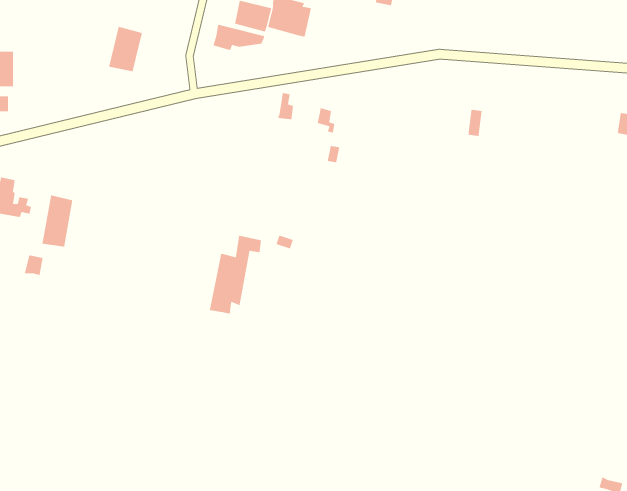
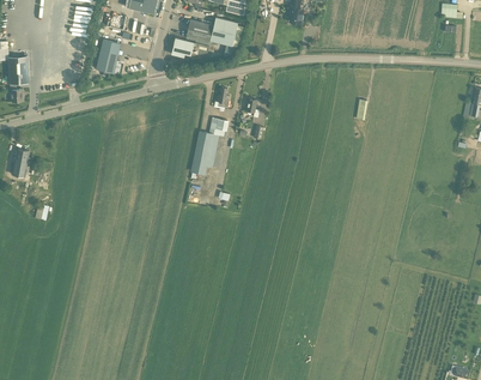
building: [42,194,73,248] -> none
building: [209,235,262,314] -> [189,116,227,174]

